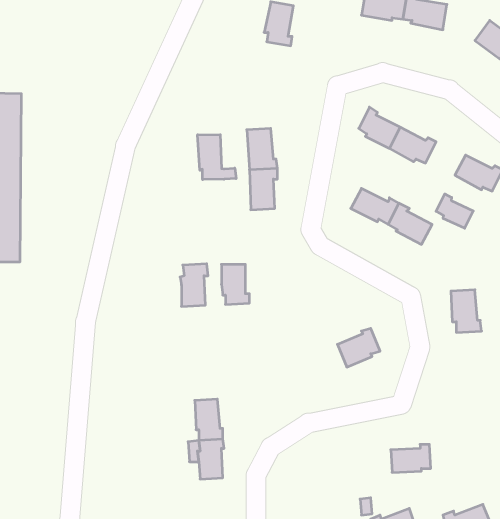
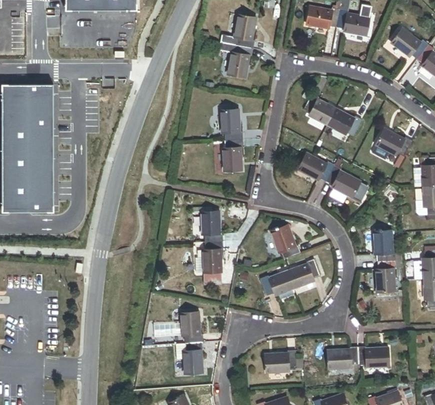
building: none -> [228,45,254,78]
building: [198,135,236,180] -> none
building: [436,194,473,228] -> none
building: [180,264,208,306] -> [203,241,224,273]
building: none -> [272,226,301,259]
building: none -> [376,262,397,292]
building: none -> [261,272,296,297]
building: none -> [358,347,389,367]
building: none -> [266,350,303,373]

